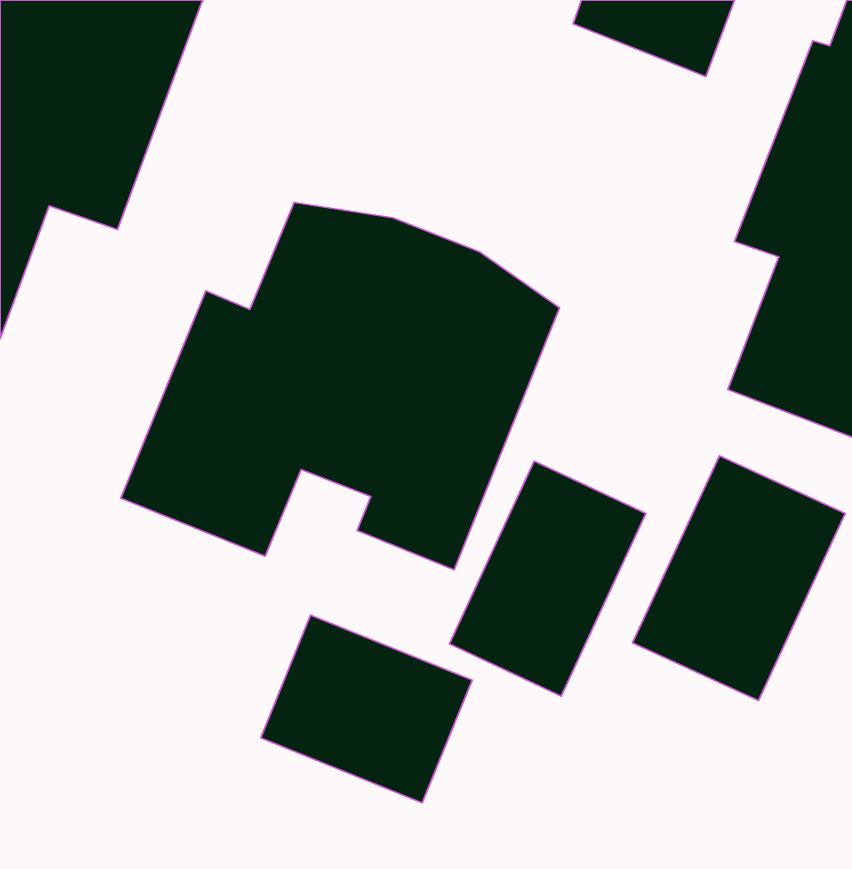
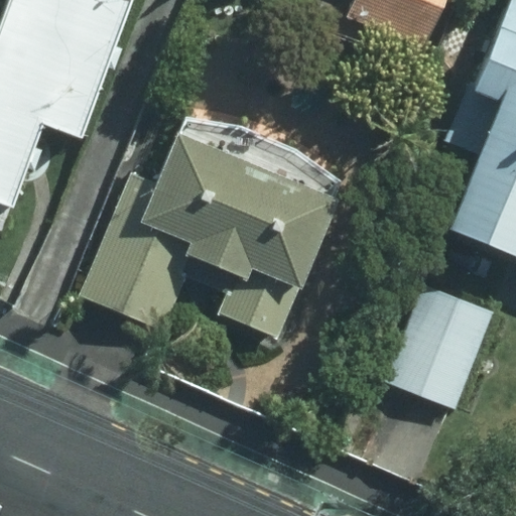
building: [450,461,646,696] -> none
building: [261,615,472,803] -> none

